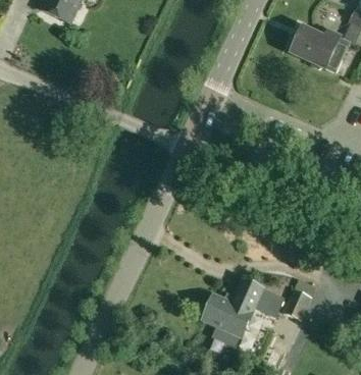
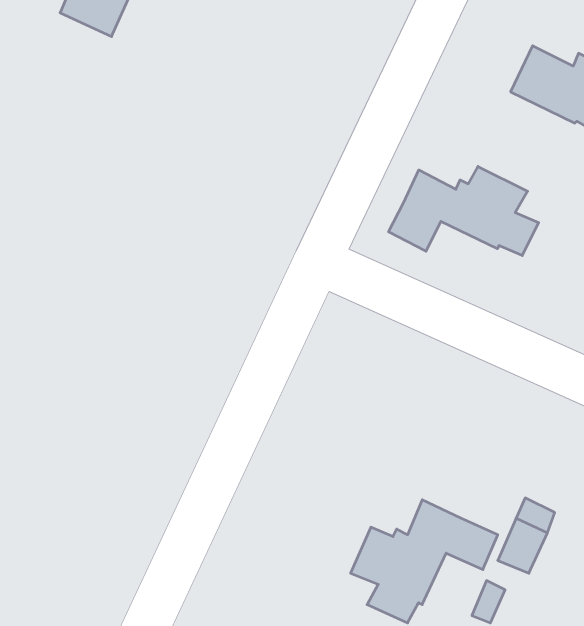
building: none -> [389,166,539,256]

